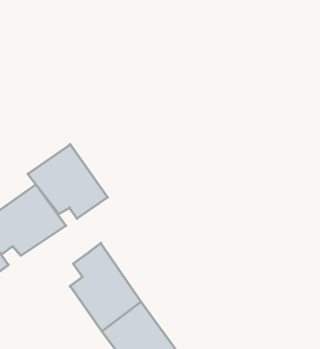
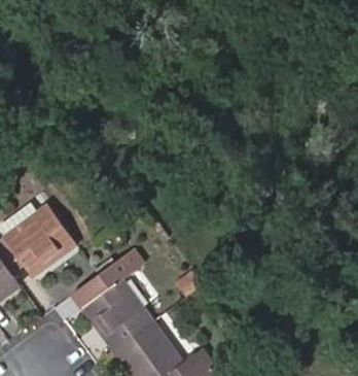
building: [28,144,108,219] -> none

